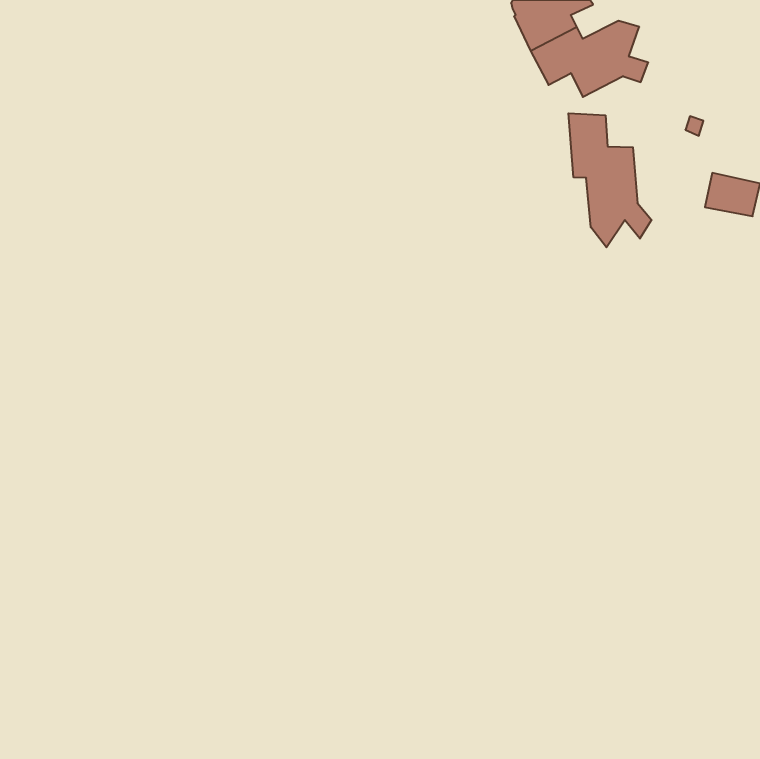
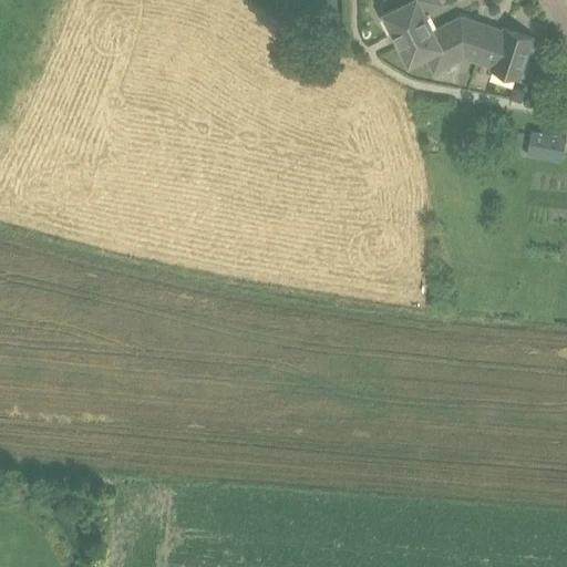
building: none -> [476,29,532,81]
building: [568,113,652,247] -> none

